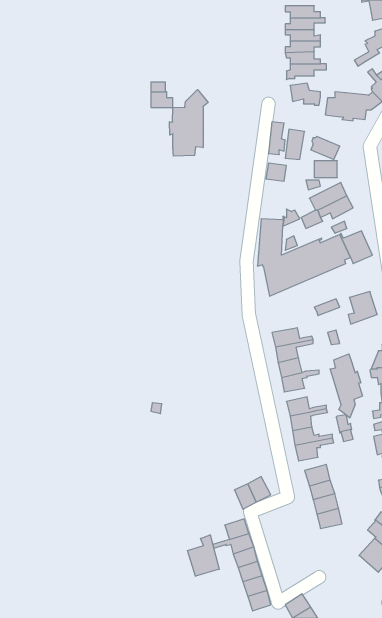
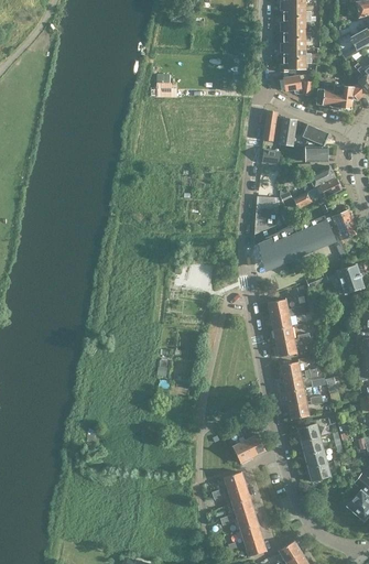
building: [170,90,208,156] -> none
building: [330,354,363,418] -> none
building: [187,535,219,576] -> none

